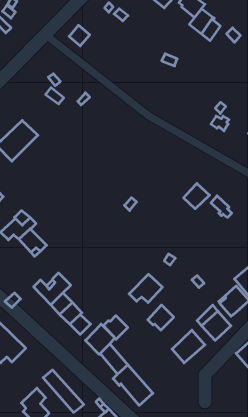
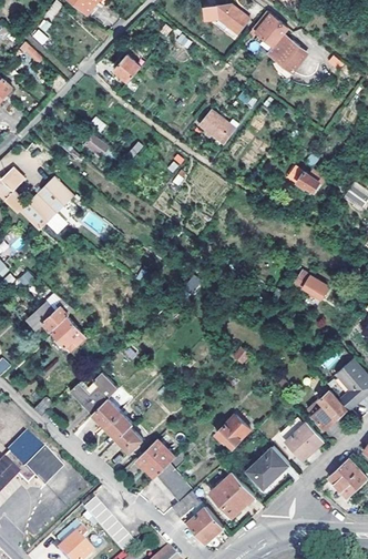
building: none -> [201,111,236,143]
building: [184,183,210,209] -> none
building: [129,274,162,303] -> none
building: [103,316,128,339] -> none
building: none -> [211,472,254,516]

